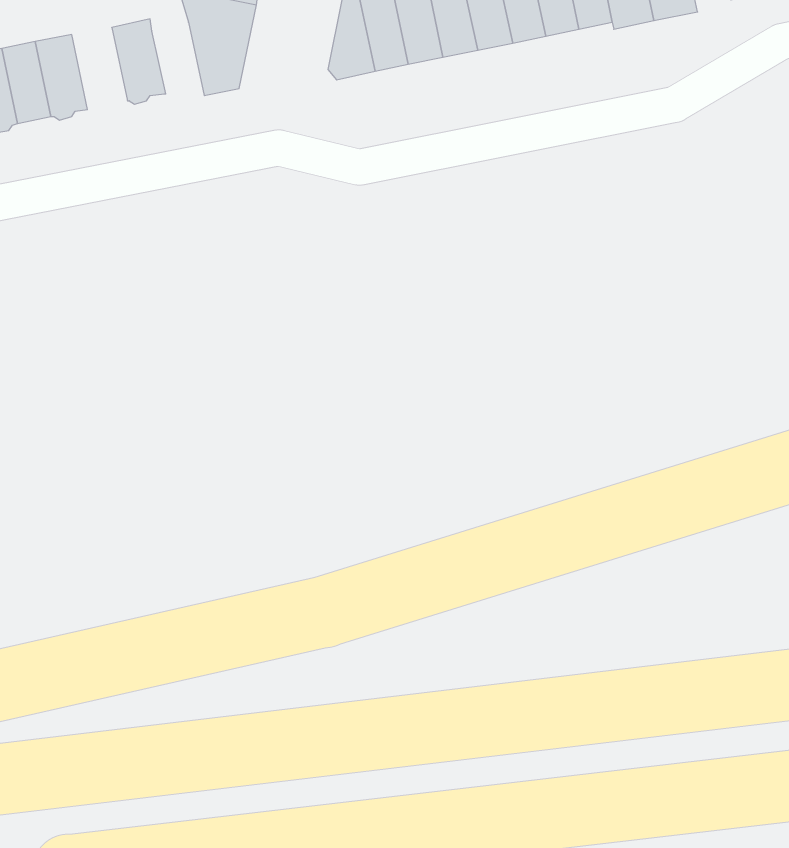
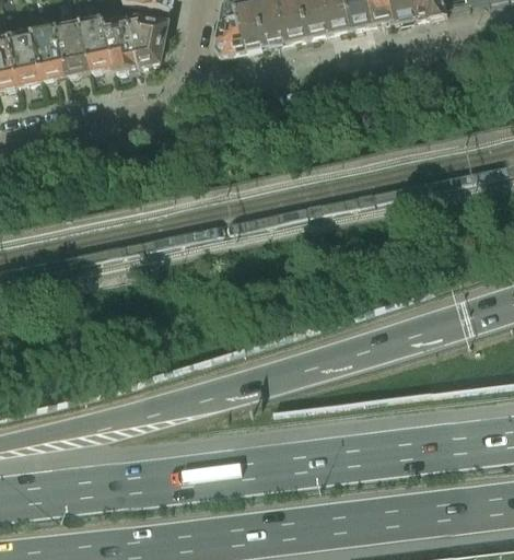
building: none -> [105,19,138,71]
building: none -> [55,22,90,74]

